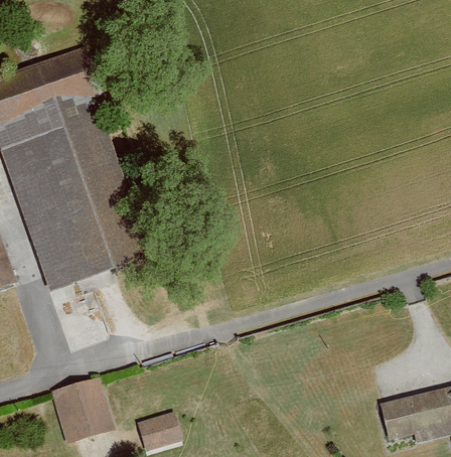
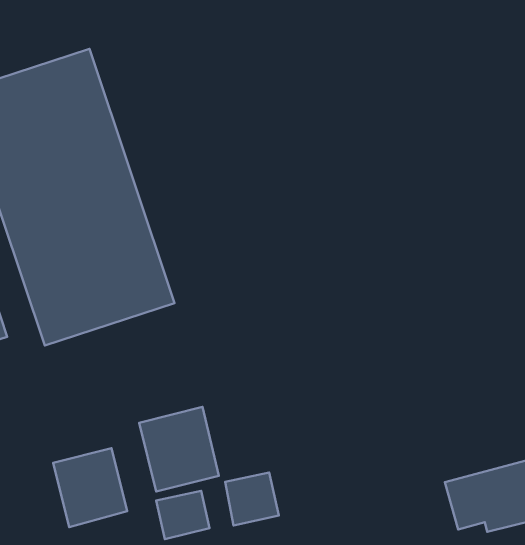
building: none -> [139,407,219,491]
building: none -> [225,472,279,525]

